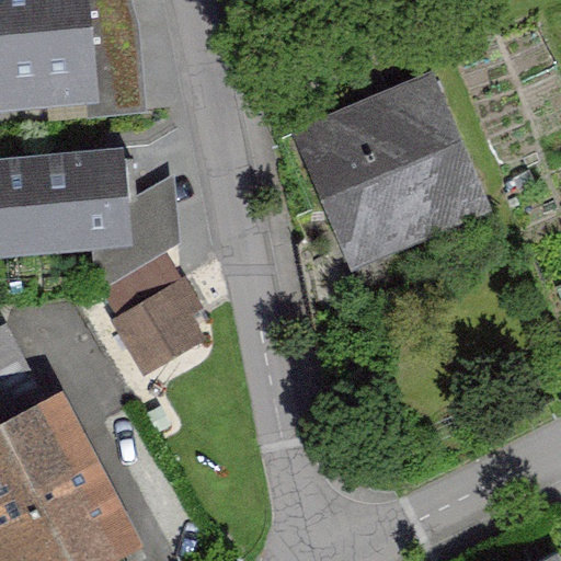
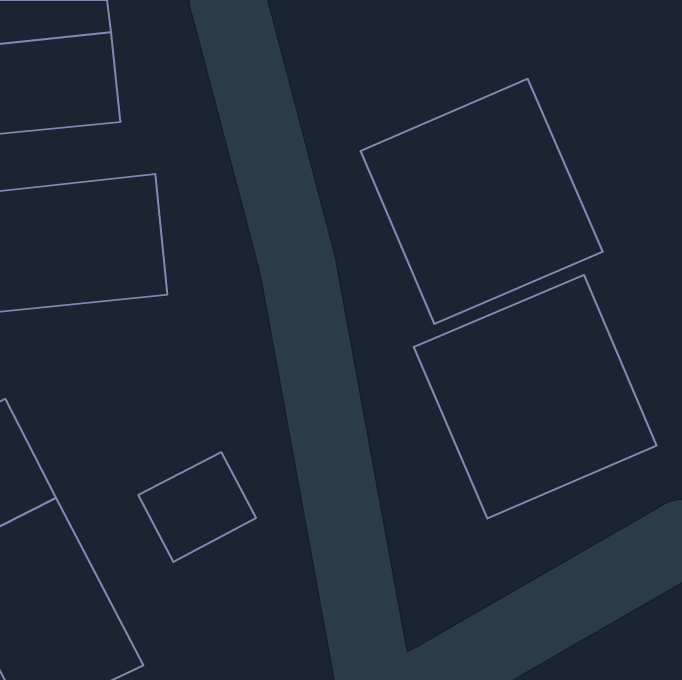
building: none -> [414,275,657,519]
building: [114,285,210,375] -> [138,452,256,562]

